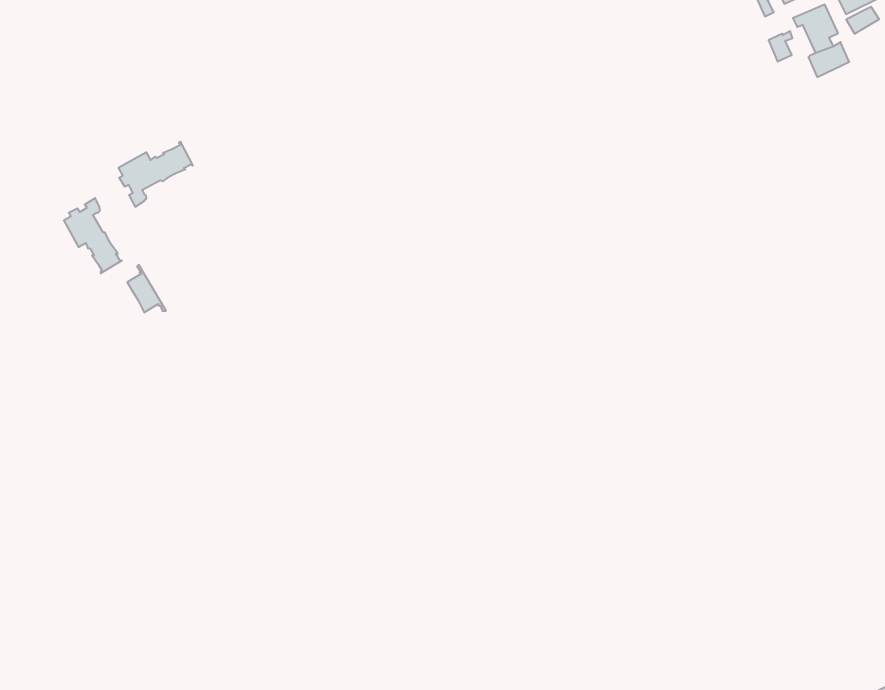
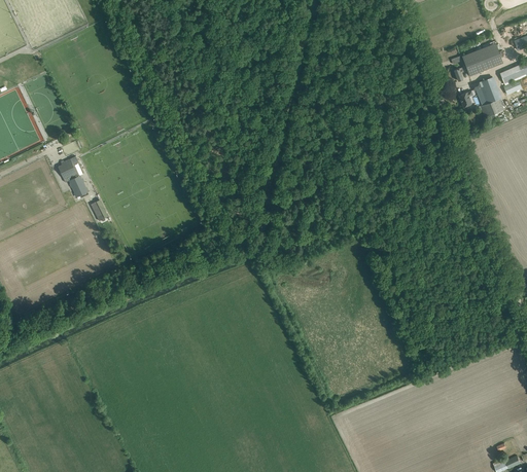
building: [119,142,193,207] -> none

